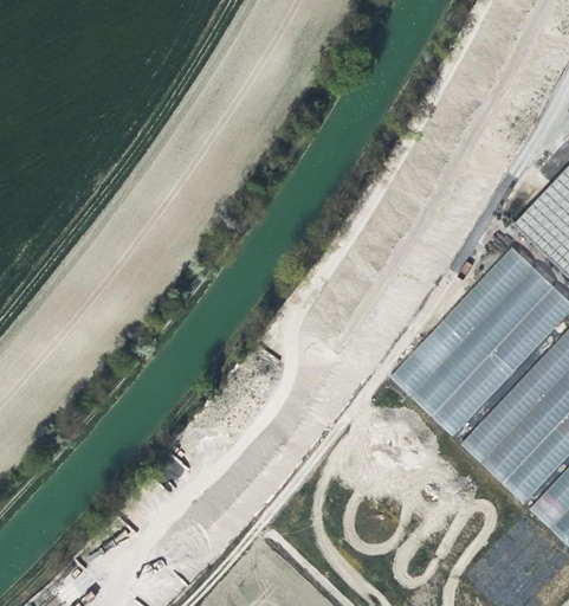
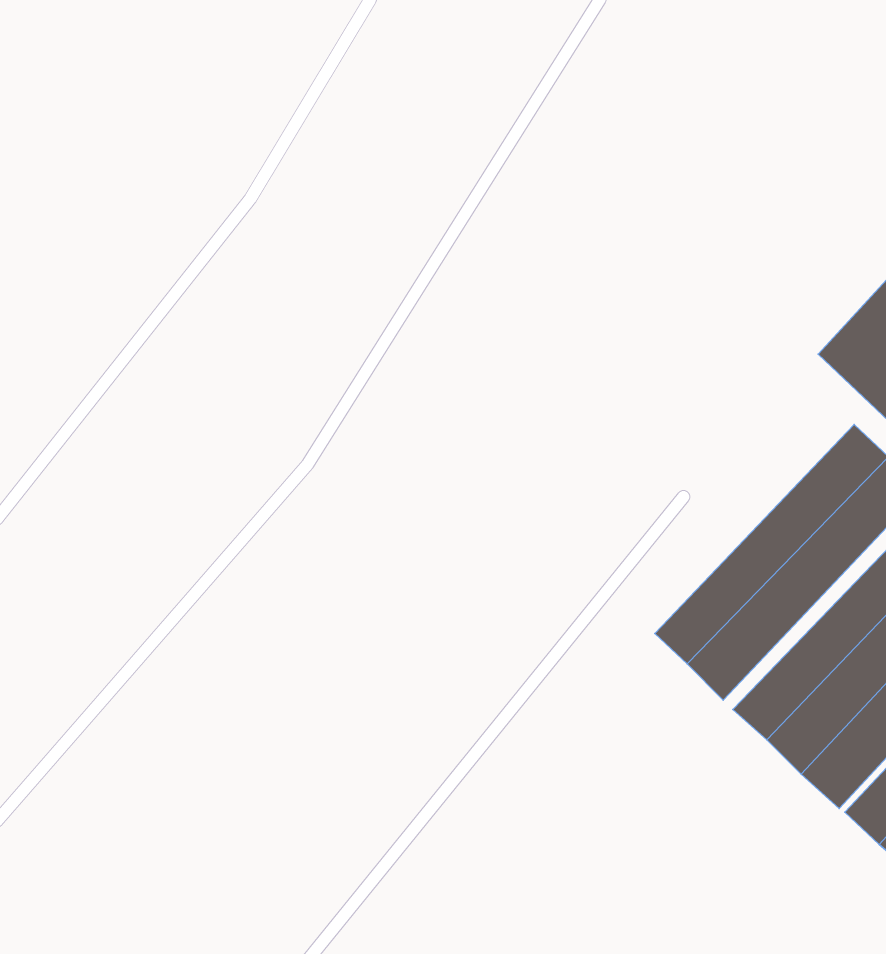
building: [390,245,537,397] -> none

